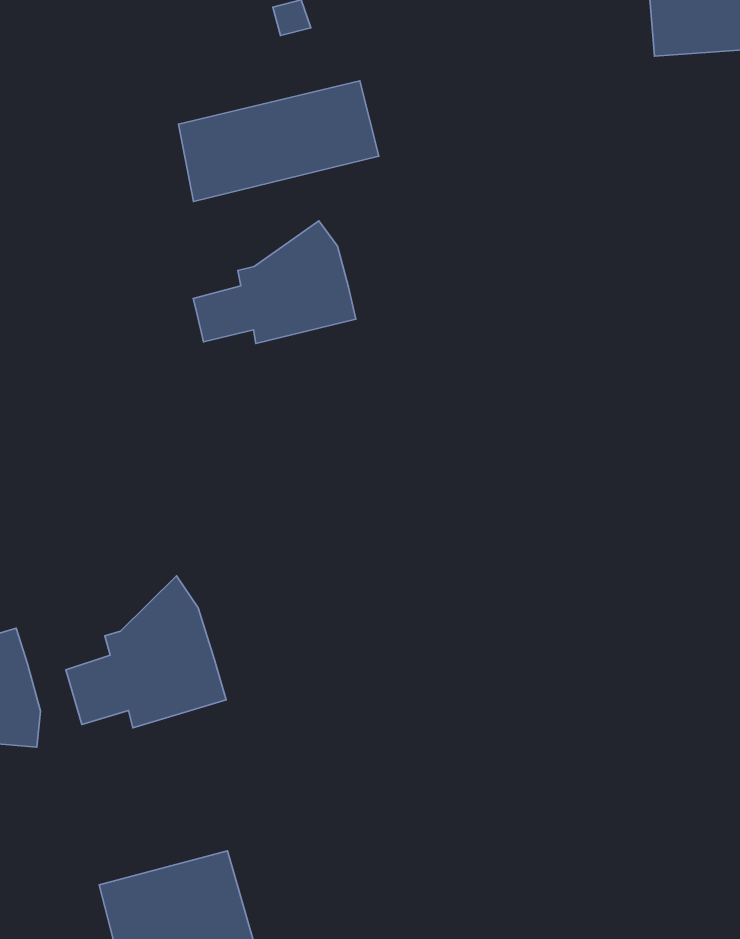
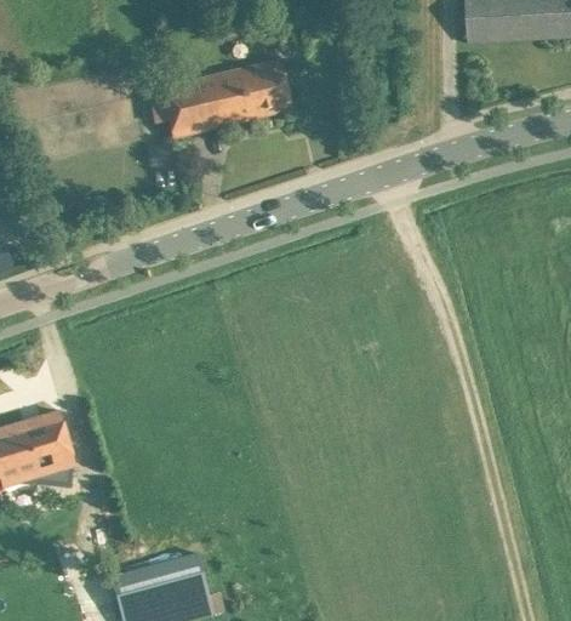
building: [193,221,356,344] -> none
building: [66,576,226,728] -> none

